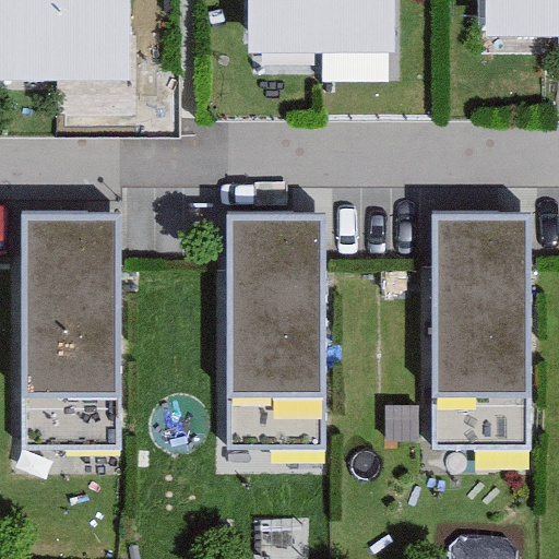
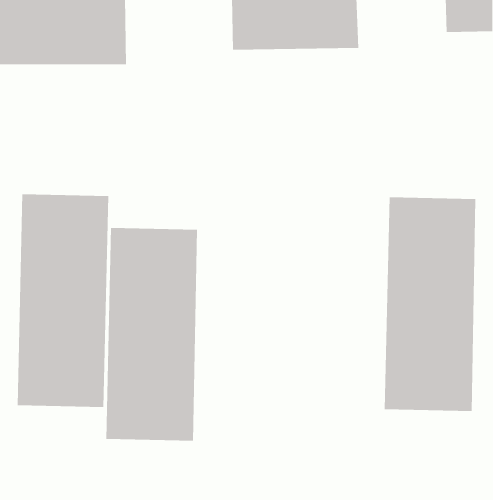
building: [223,216,325,453] -> [105,228,198,441]

